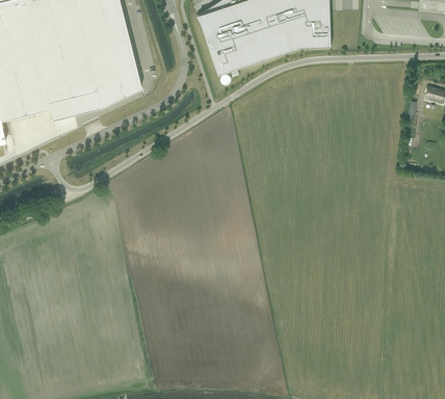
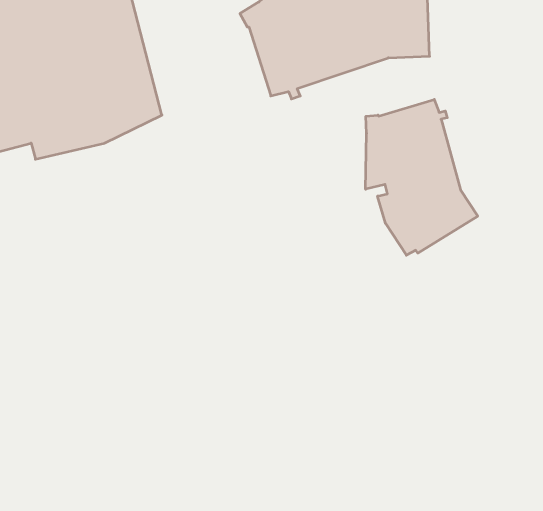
building: none -> [366,99,478,255]

